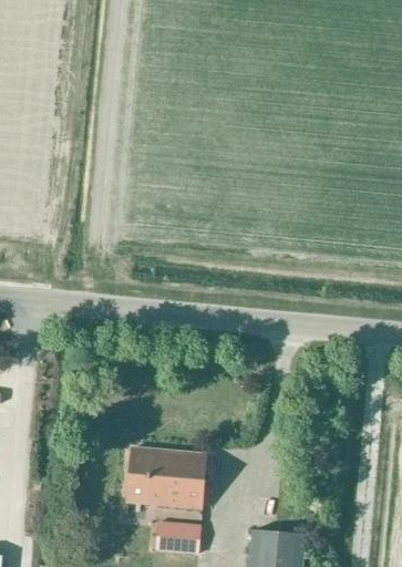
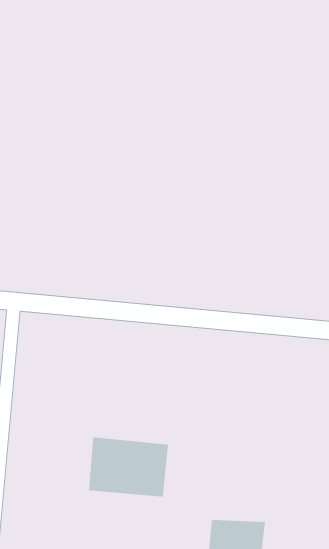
building: [168,523,199,555] -> none

